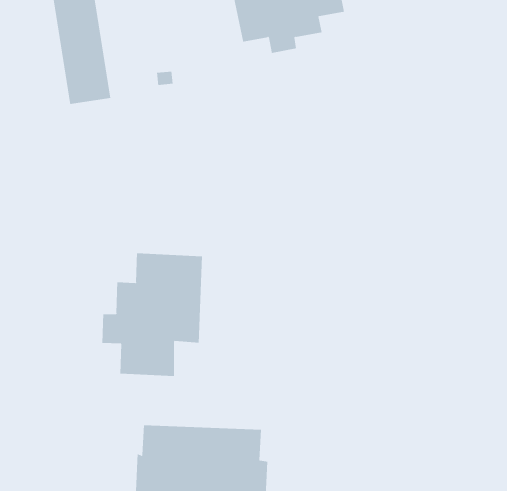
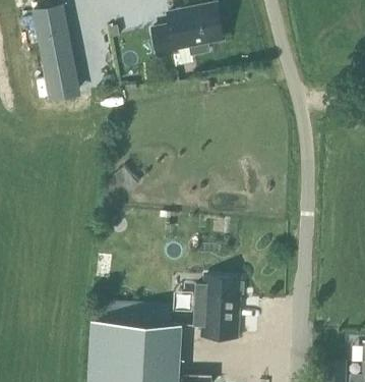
building: [102,253,203,377] -> none
building: none -> [194,279,243,339]

